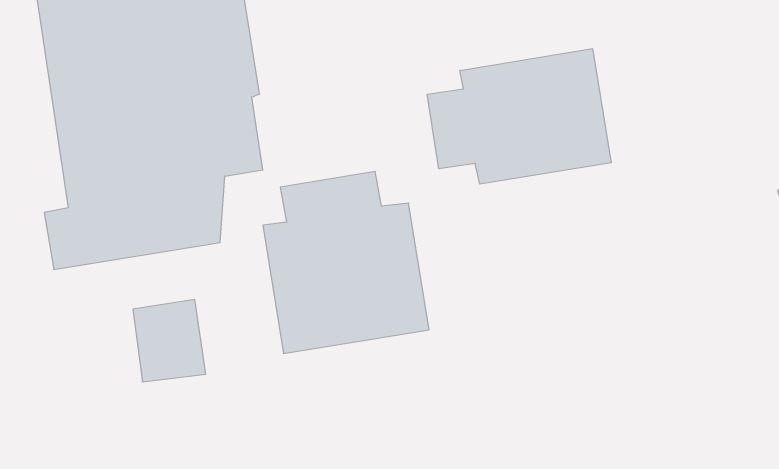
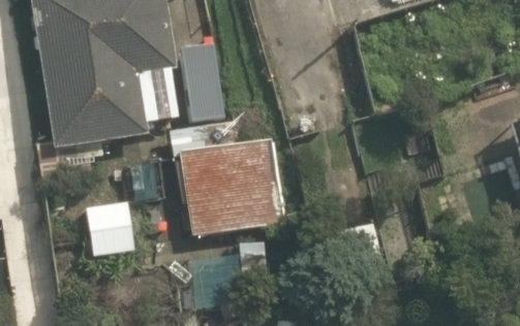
building: [427,49,611,184] -> none

